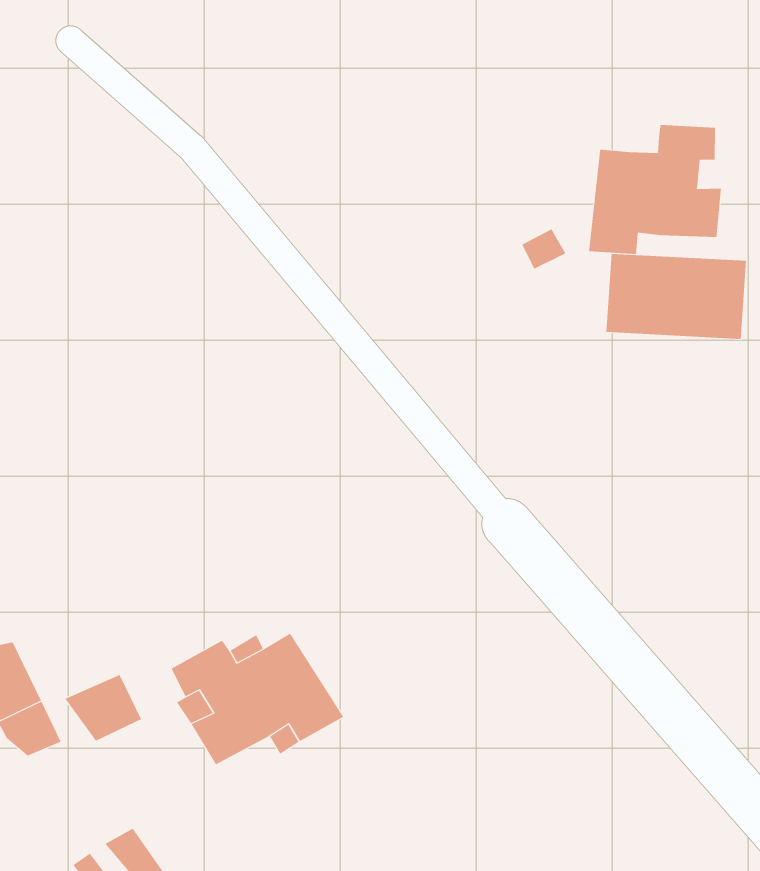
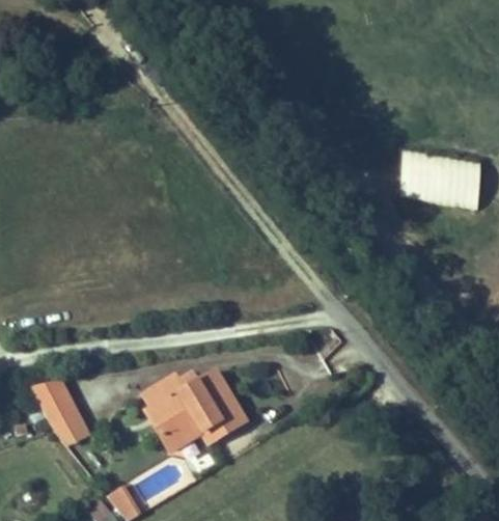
building: [588,124,721,255] -> none
building: [64,674,142,741] -> none

